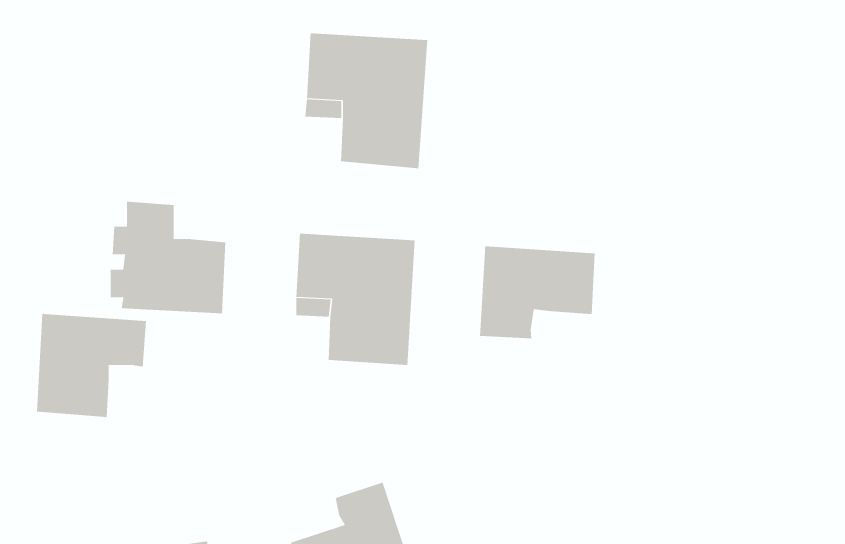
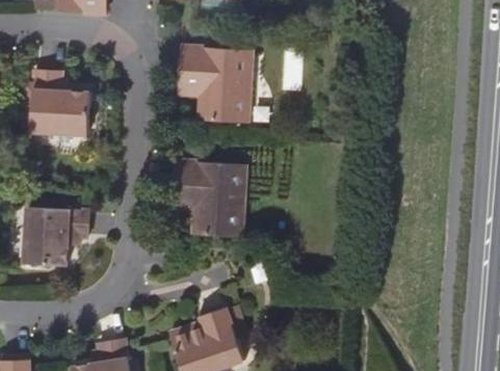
building: [110,201,226,314] -> [25,70,93,135]
building: [480,245,595,339] -> none

